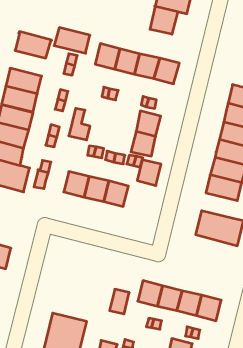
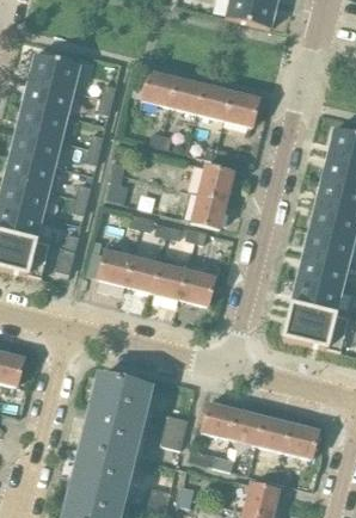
building: [150,6,178,34] -> none
building: [54,28,90,53] -> [23,79,73,115]
building: [137,160,161,186] -> [182,269,215,304]
building: none -> [291,278,342,314]
building: none -> [82,372,148,458]

